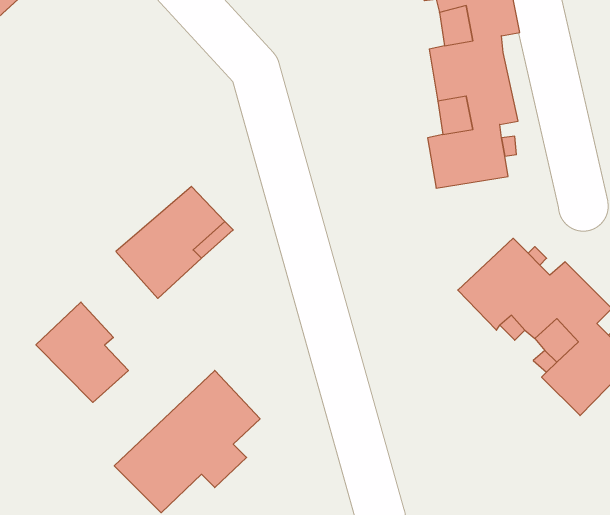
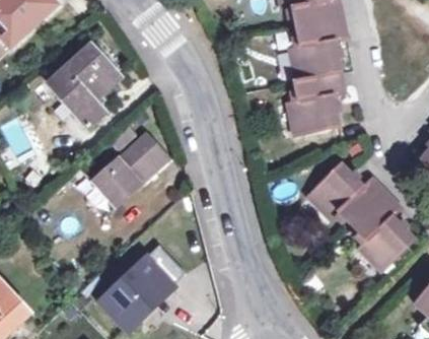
building: none -> [49,44,121,127]
building: [36,302,128,402] -> none

